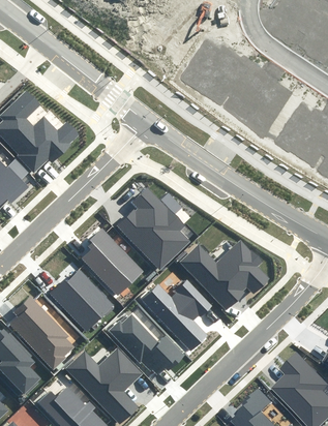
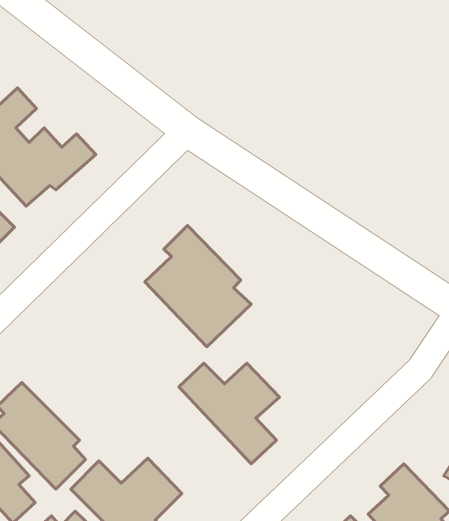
building: [81,227,143,296] -> none
building: [178,238,268,311] -> none
building: [51,268,114,331] -> none
building: [111,313,185,377] -> none

